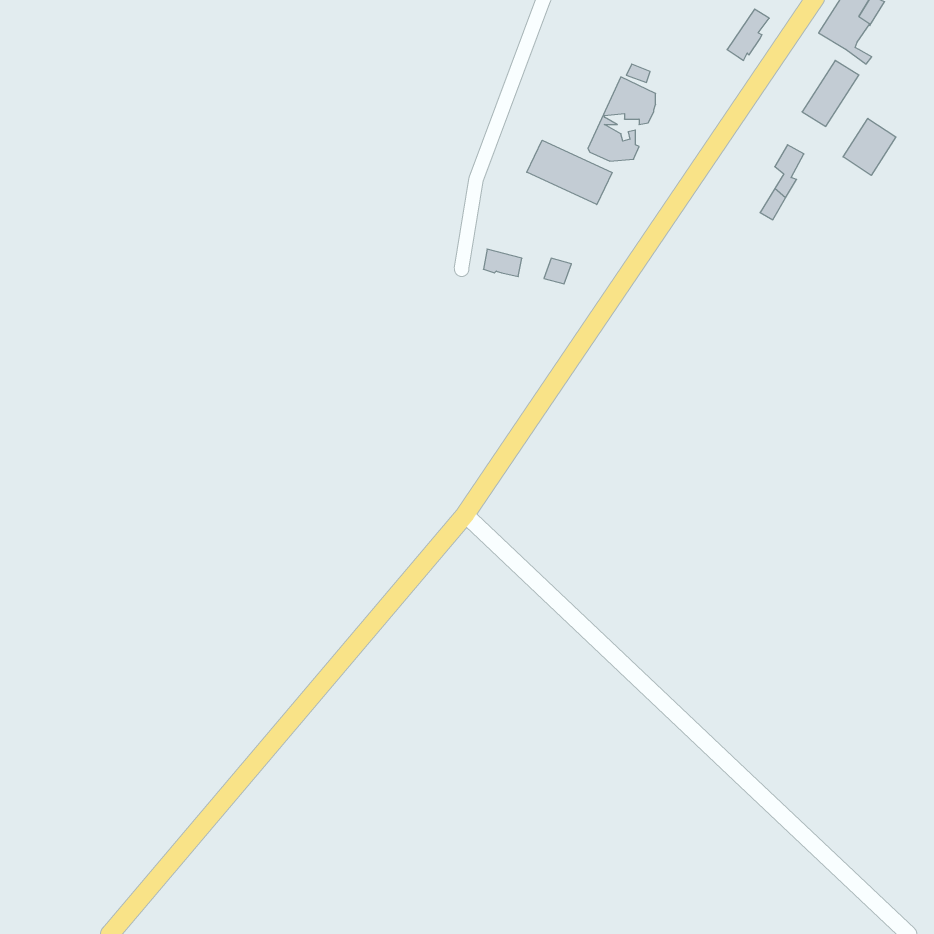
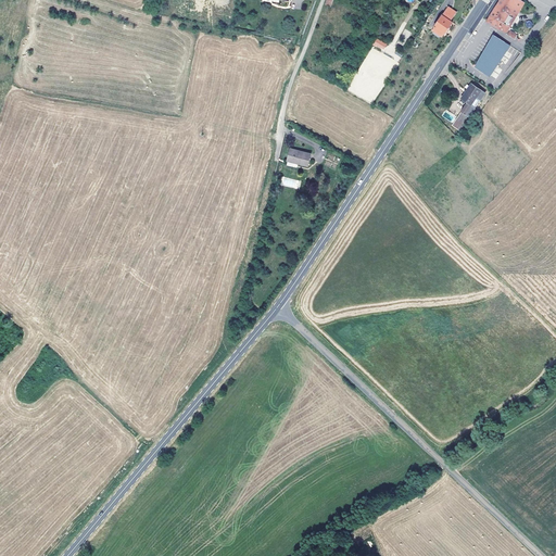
building: [843,118,896,175] -> none
building: [527,140,612,205] -> none

